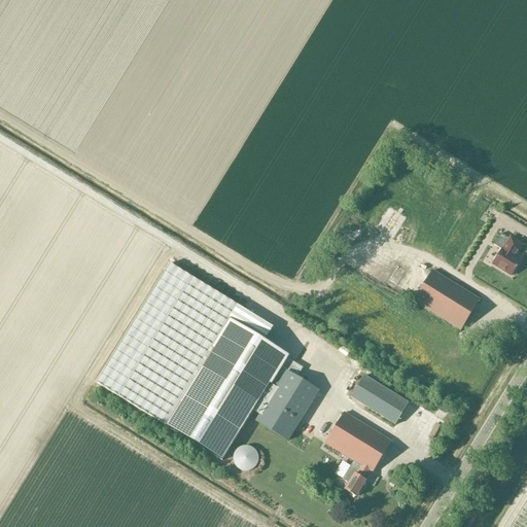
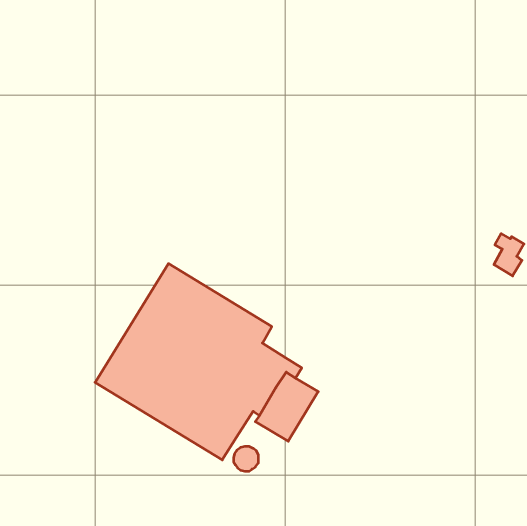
building: [413,269,479,329] -> none
building: [350,374,409,423] -> none
building: [325,411,391,495] -> none

